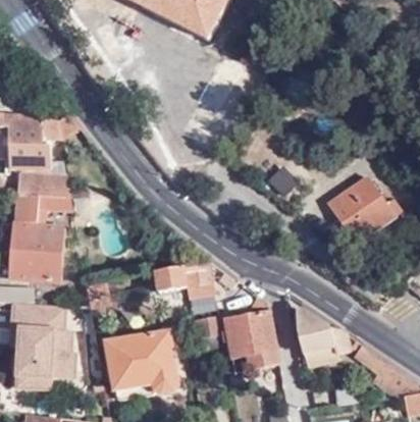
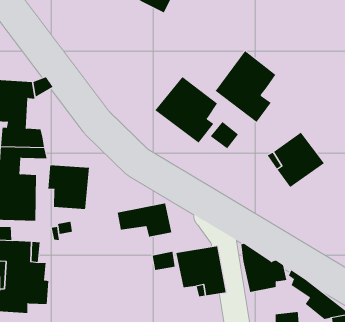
building: none -> [215,50,276,123]
building: none -> [155,76,218,144]
building: none -> [48,165,90,210]
building: [106,333,178,393] -> none

